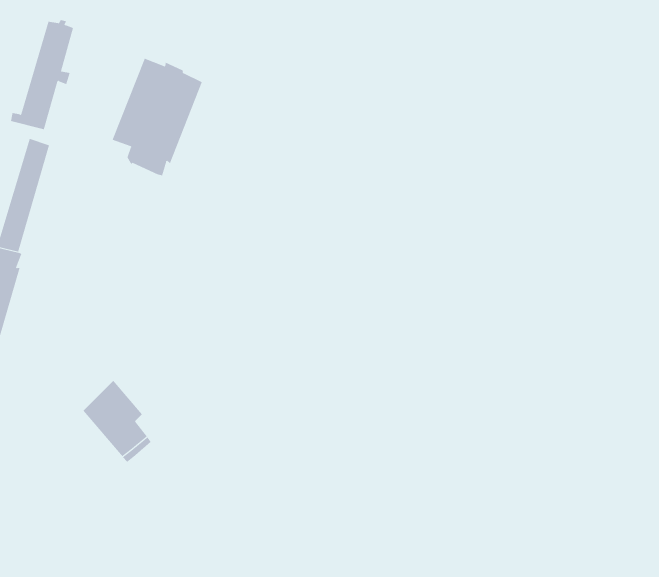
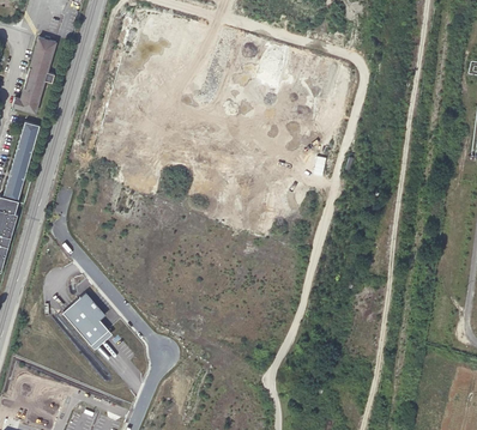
building: [112,58,203,176] -> none

